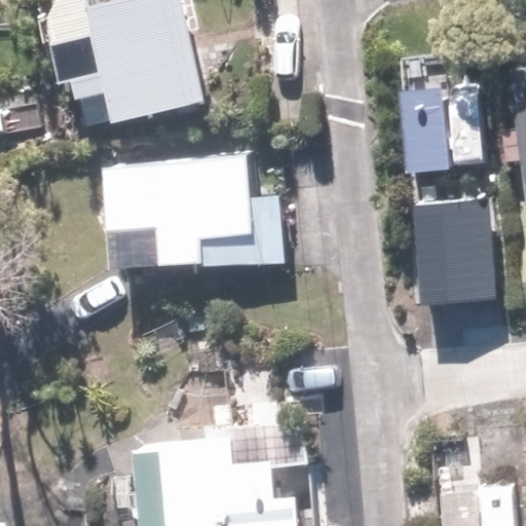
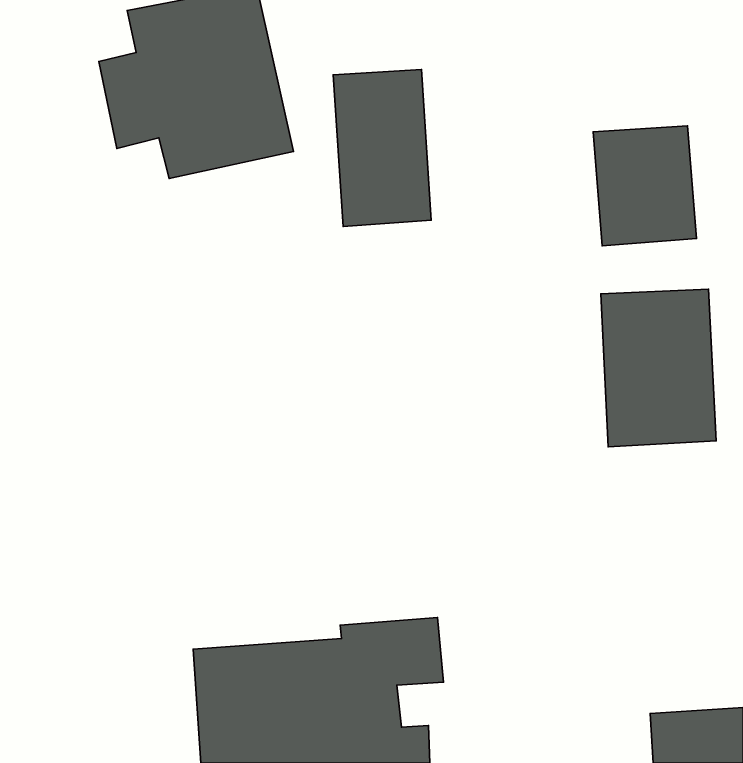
building: none -> [333,70,431,227]
building: [107,159,262,271] -> none

